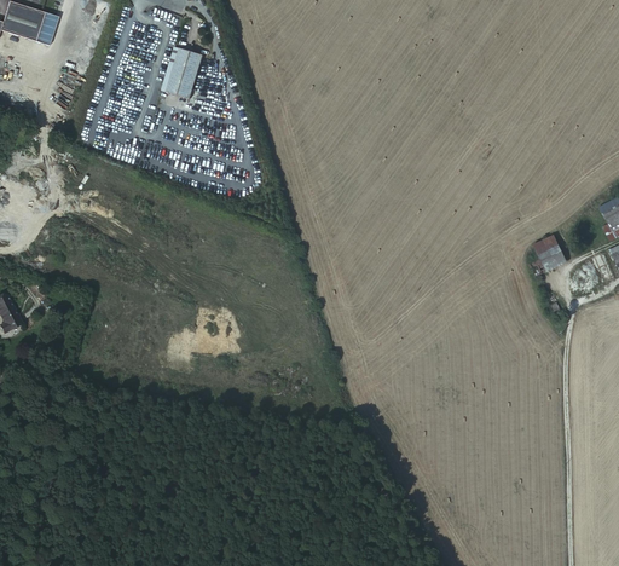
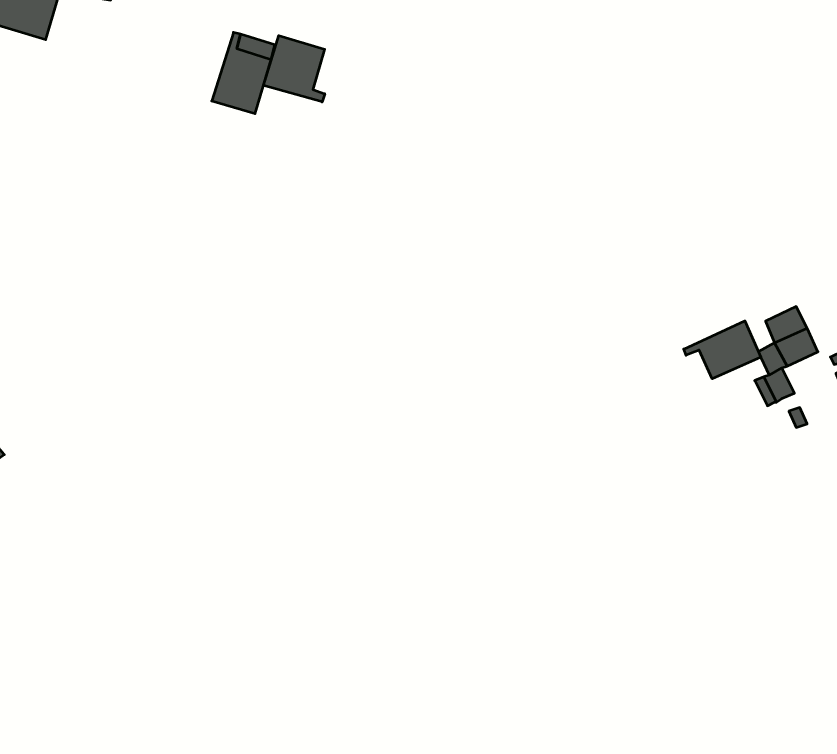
building: none -> [263,36,325,102]
building: none -> [684,321,761,379]

